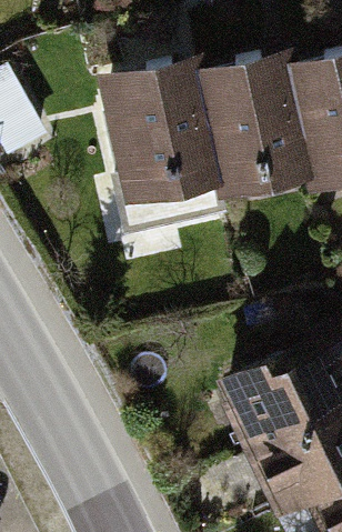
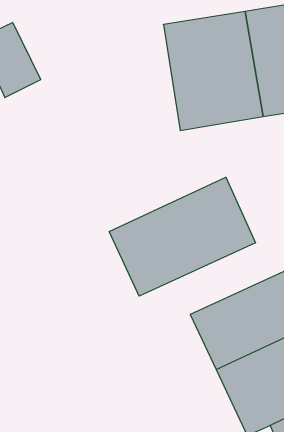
building: [103,76,214,208] -> none
building: none -> [109,177,255,296]

